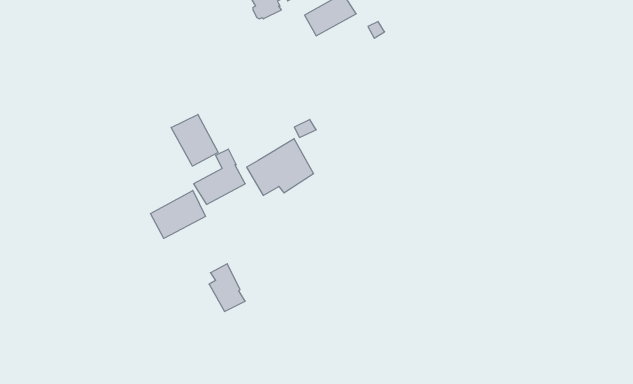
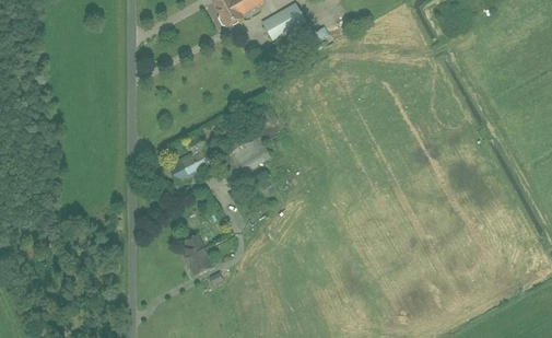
building: [171,114,218,166] -> none
building: [150,190,205,238] -> none

